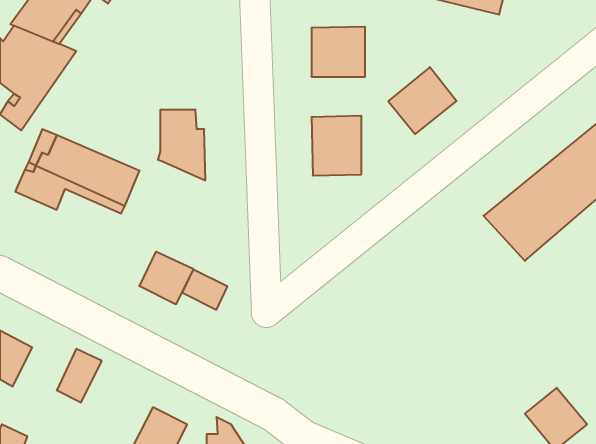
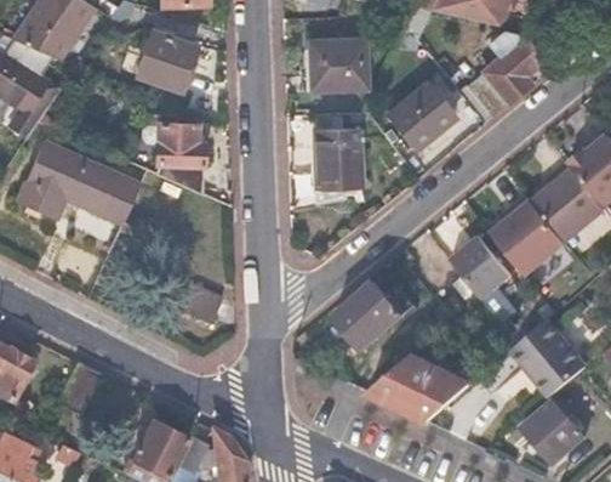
building: none -> [137,29,198,89]
building: none -> [469,32,544,119]
building: none -> [442,231,509,299]
building: [139,252,193,304] -> none
building: none -> [333,280,418,352]
building: none -> [510,319,588,398]
building: none -> [370,355,472,421]

